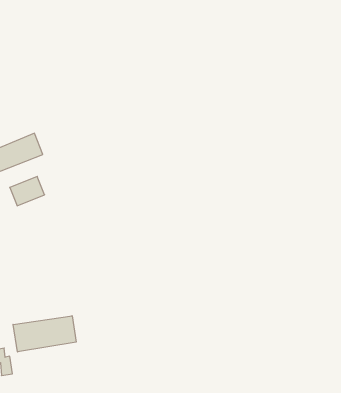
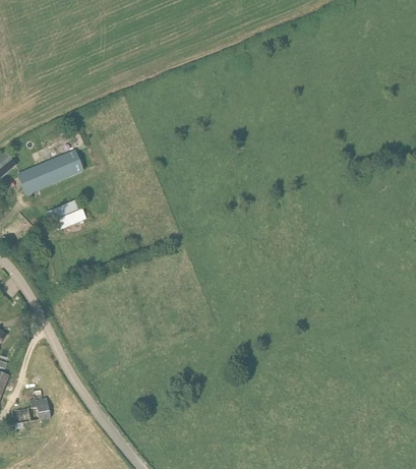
building: [13,316,76,352] -> none

